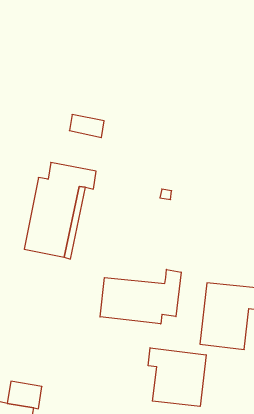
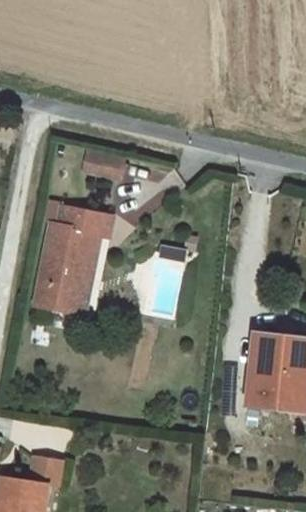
building: [100,269,181,324] -> none
building: [148,348,206,406] -> none

